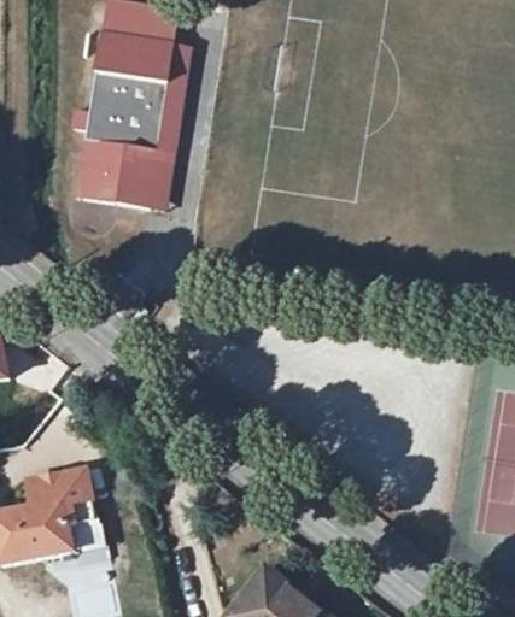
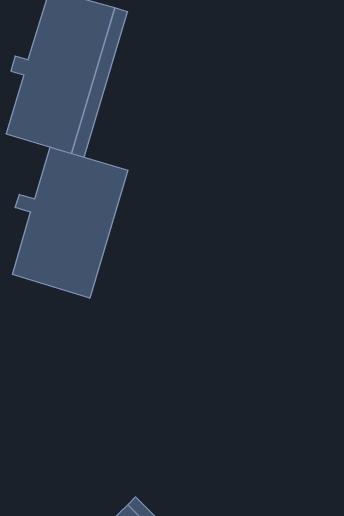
building: none -> [12,147,128,298]

